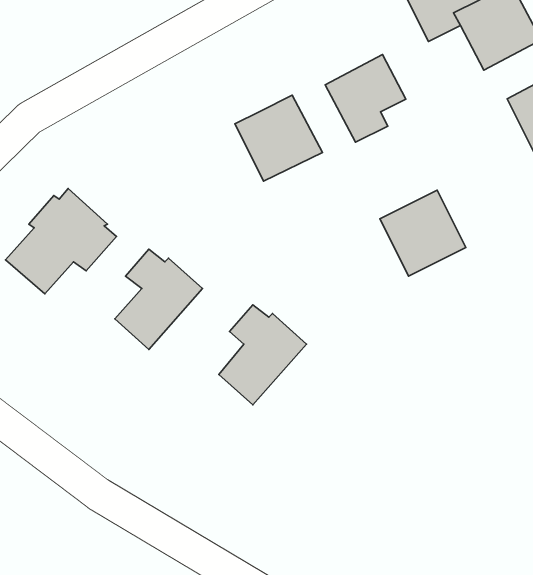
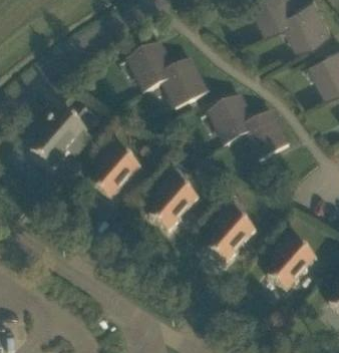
building: [325,55,406,142] -> [208,95,253,144]
building: none -> [126,42,172,91]
building: none -> [206,208,255,264]
building: none -> [266,236,315,292]

